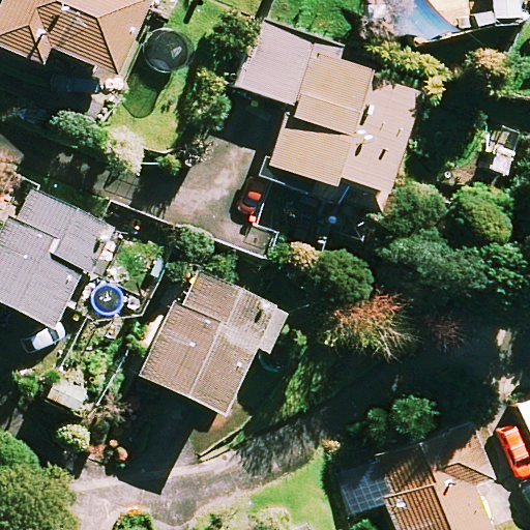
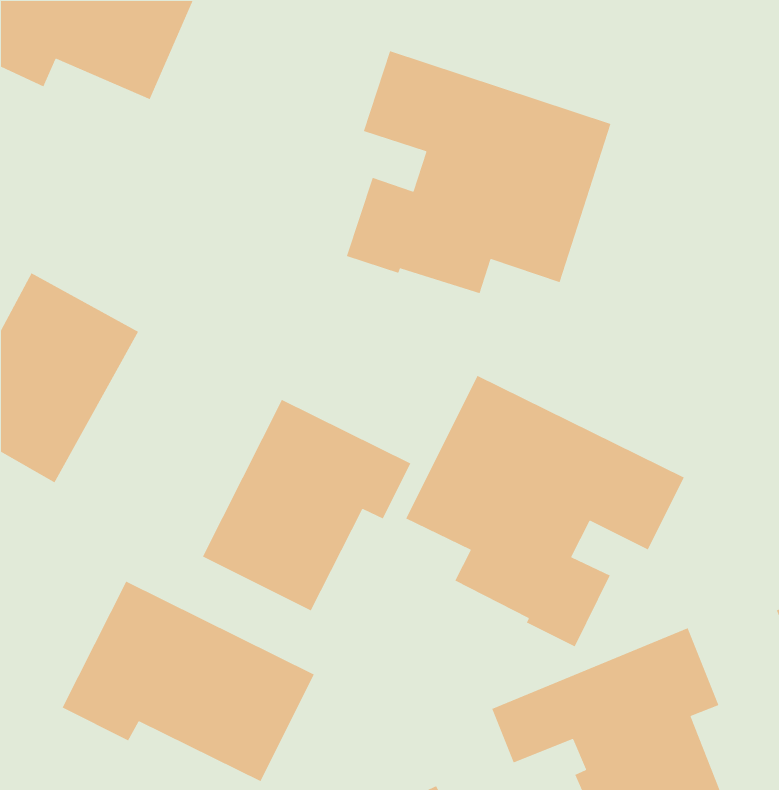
building: none -> [405,375,685,648]
building: none -> [61,581,315,782]

